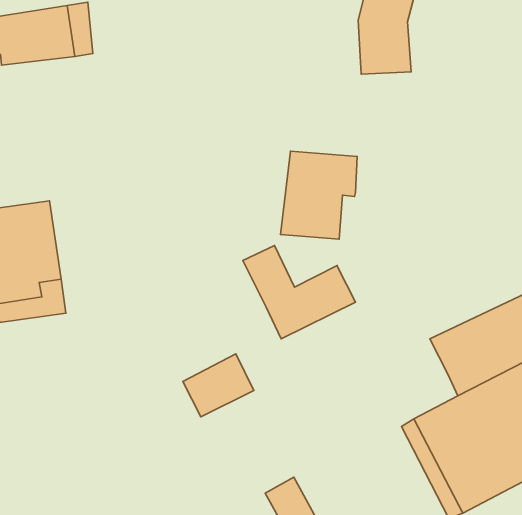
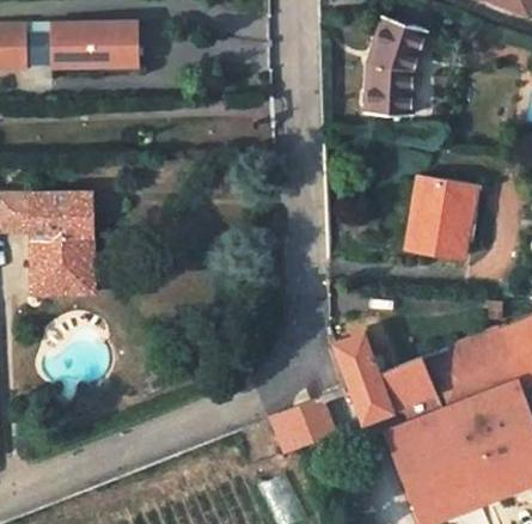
building: [280,151,357,239] -> [416,181,493,264]
building: [243,245,356,339] -> [331,330,429,415]
building: [183,354,254,417] -> [265,394,329,447]

